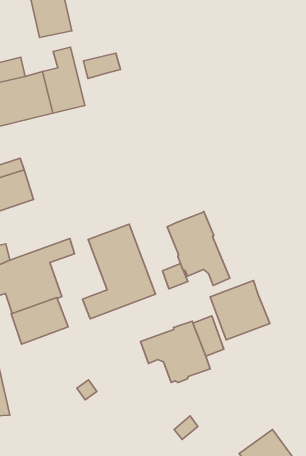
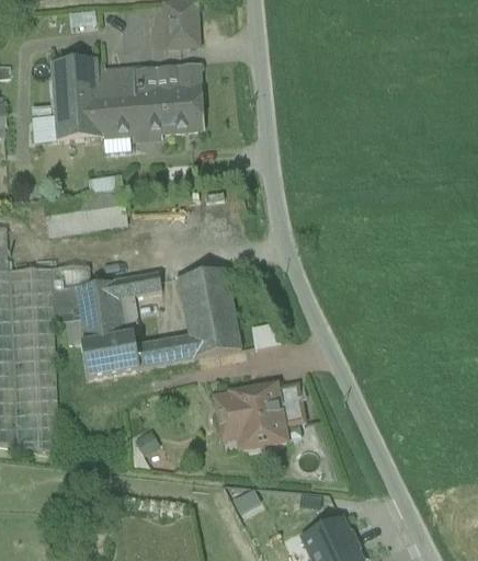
building: [84,53,121,78] -> [139,66,178,88]
building: [167,212,230,286] -> none
building: [210,280,270,340] -> none
building: none -> [135,340,164,367]

